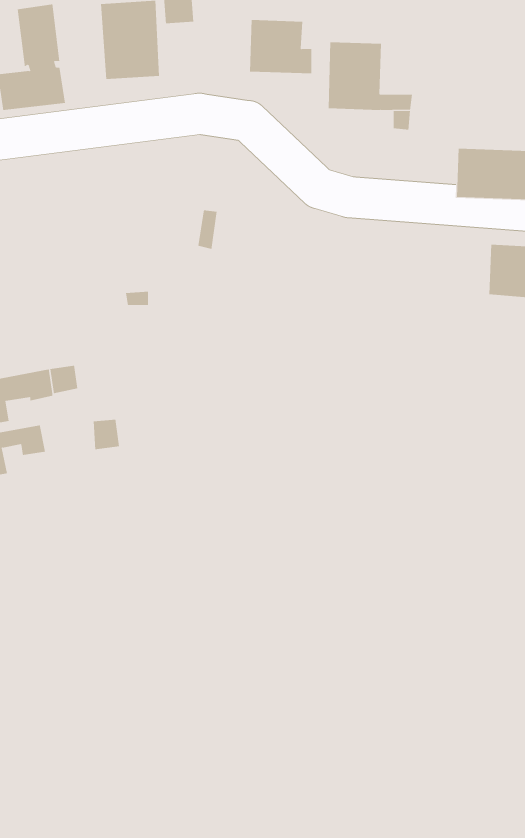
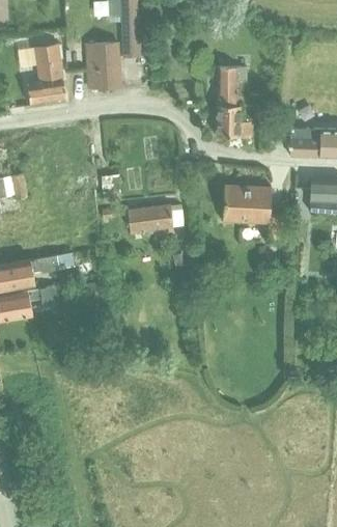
building: [249,20,312,74] -> [215,104,251,135]
building: none -> [221,184,282,241]
building: none -> [127,203,182,231]

